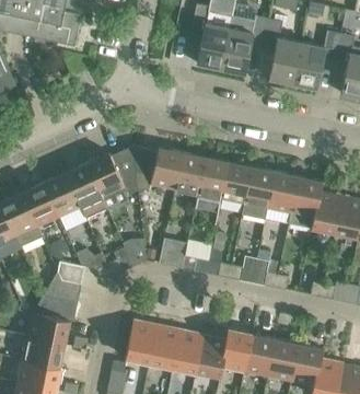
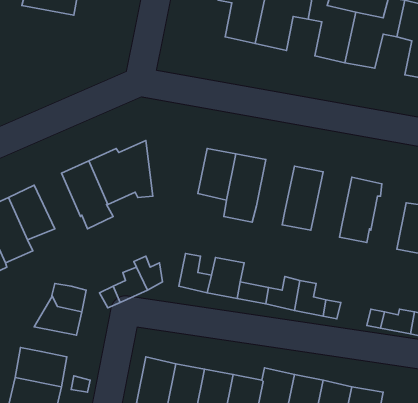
building: [132,146,182,190] -> none
building: [221,161,252,202] -> none
building: [267,171,298,212] -> none
building: [43,172,80,217] -> none
building: [310,190,341,233] -> none
building: [32,296,77,320] -> none

